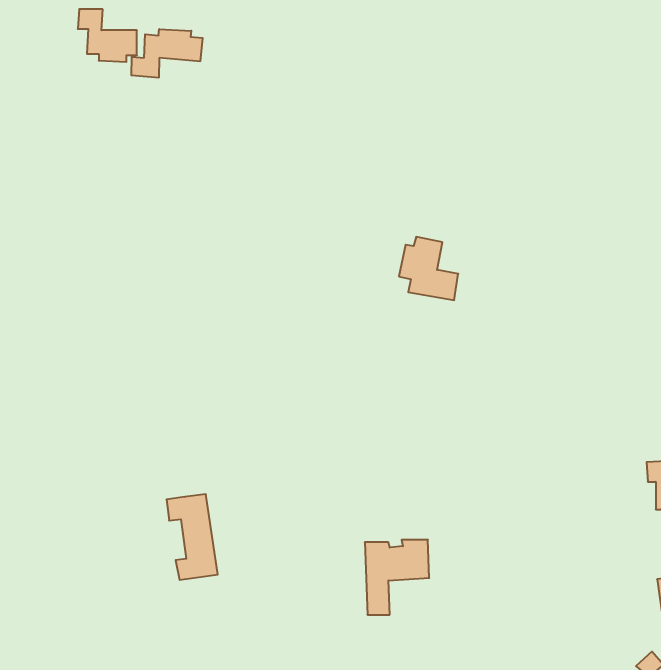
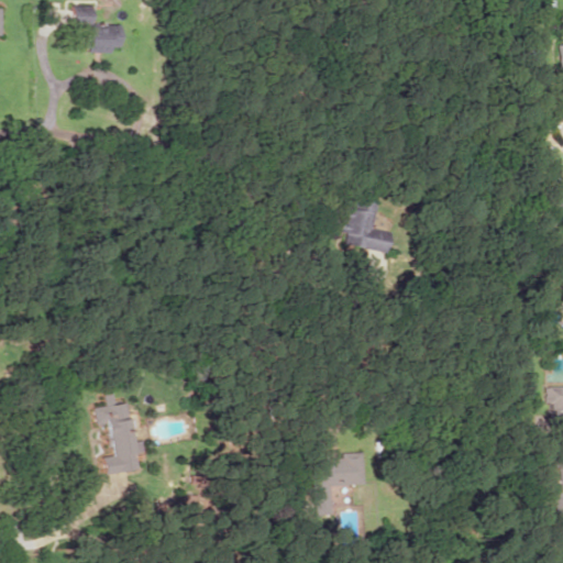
building: [131,29,203,78] -> none
building: [166,494,218,580] -> [100,404,143,475]

